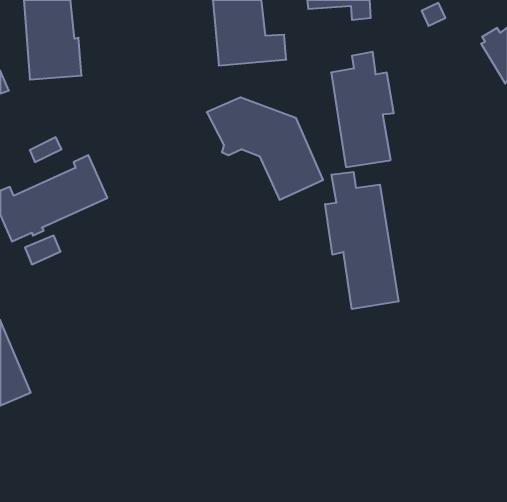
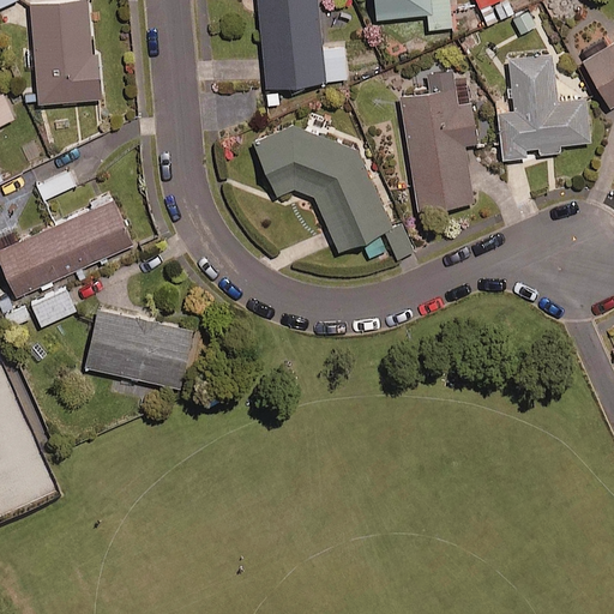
building: none -> [496,55,589,158]
building: [325,172,398,309] -> none
building: none -> [84,308,191,387]

